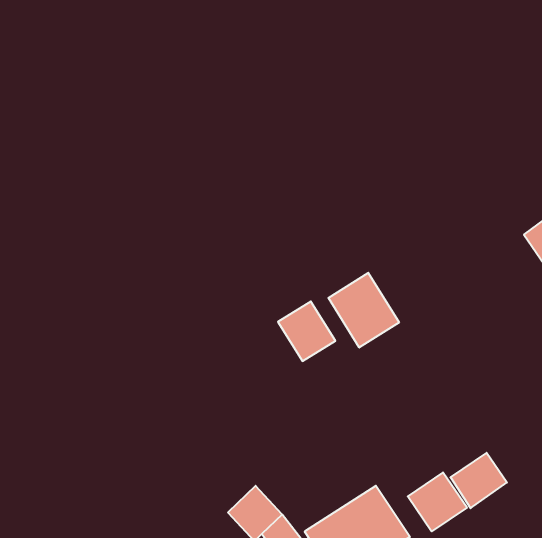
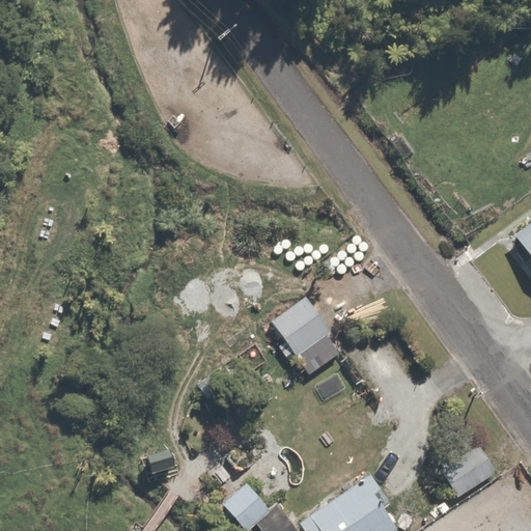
building: [328,273,399,348] -> none
building: [408,472,467,531] -> none

